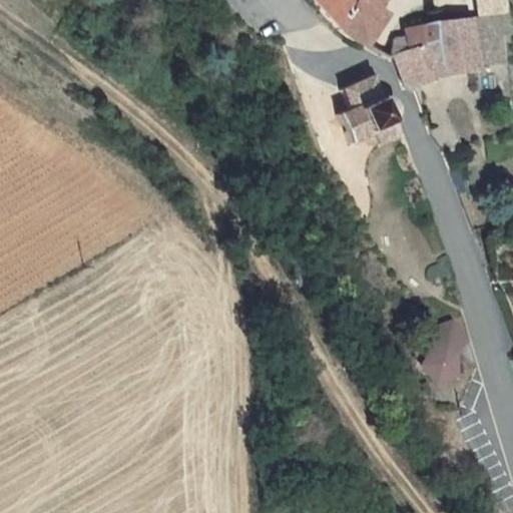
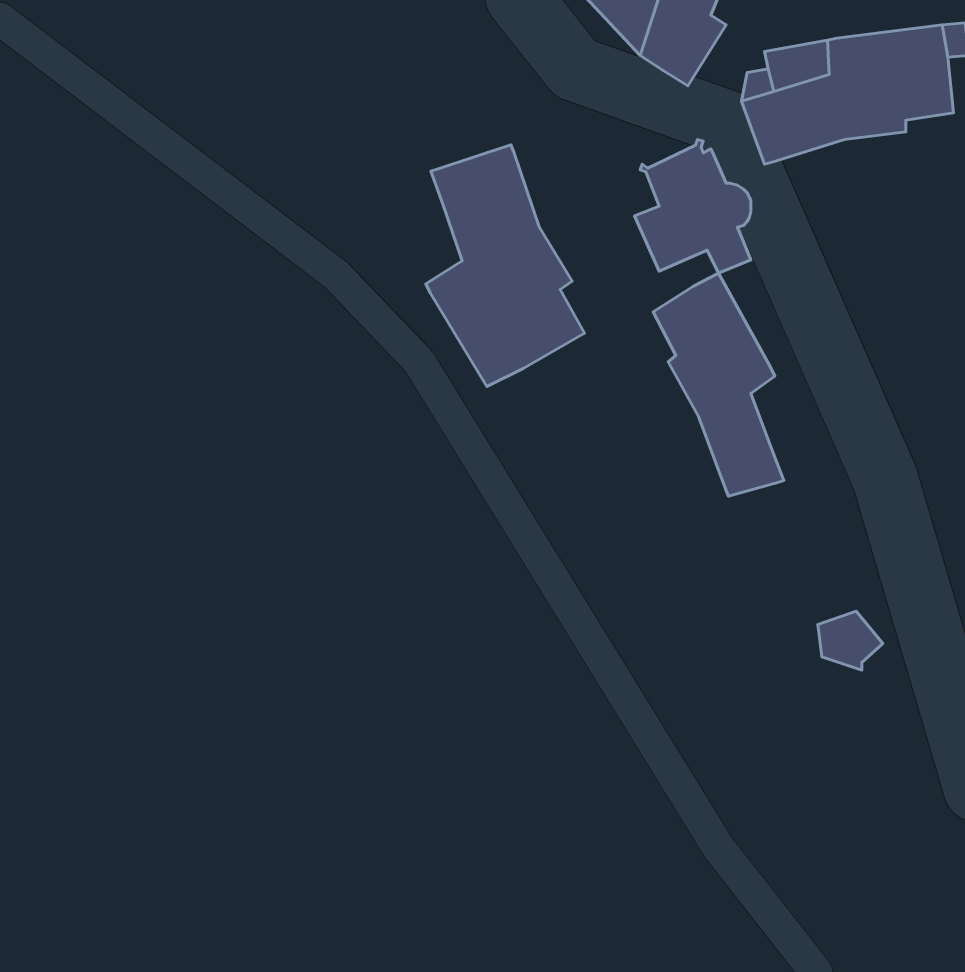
building: none -> [426,145,584,387]
building: none -> [653,273,784,496]
building: [423,345,460,383] -> none

